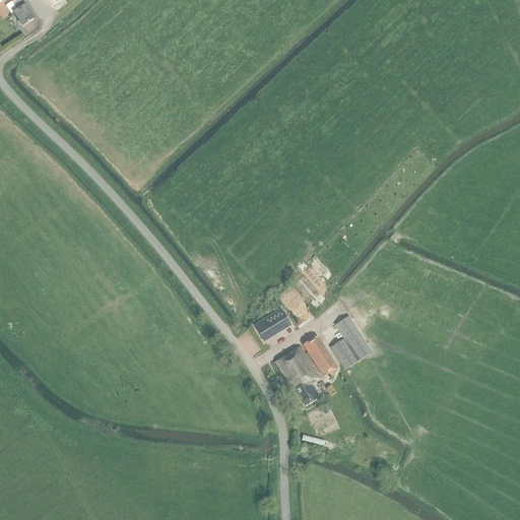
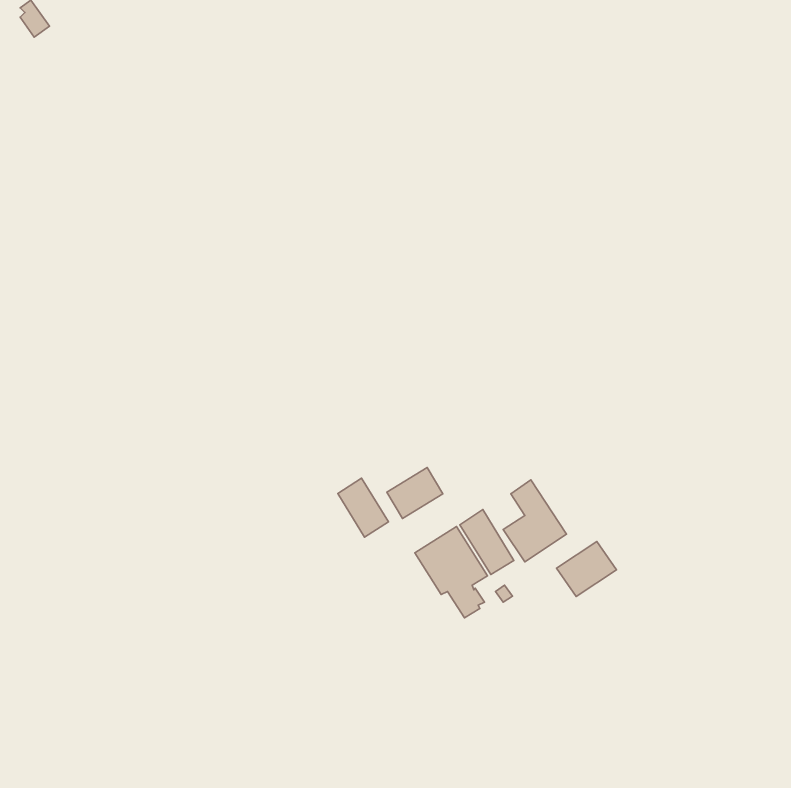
building: none -> [338,478,388,537]
building: none -> [557,541,616,597]

